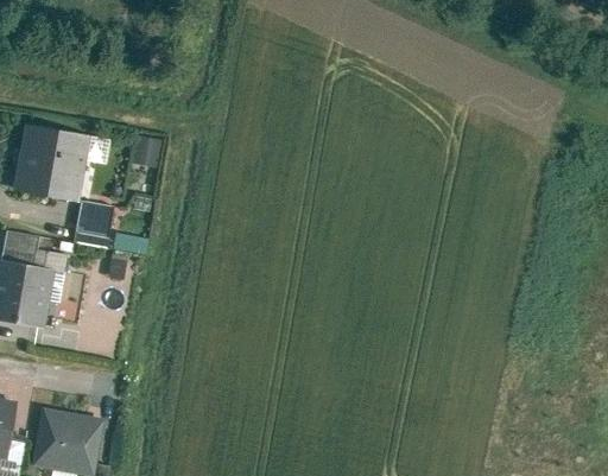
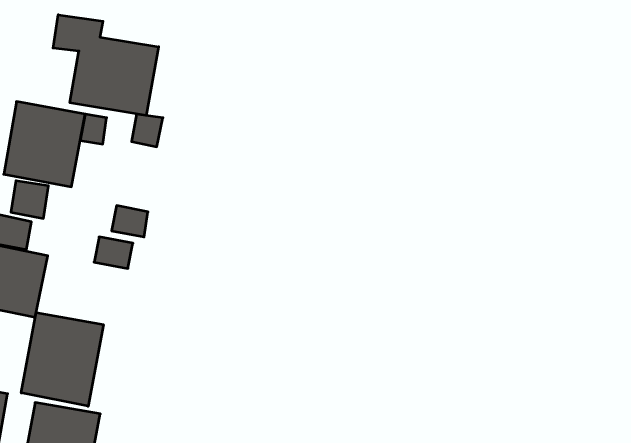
building: none -> [53,15,159,115]
building: [76,201,112,236] -> [11,181,48,218]
building: none -> [21,313,103,406]

